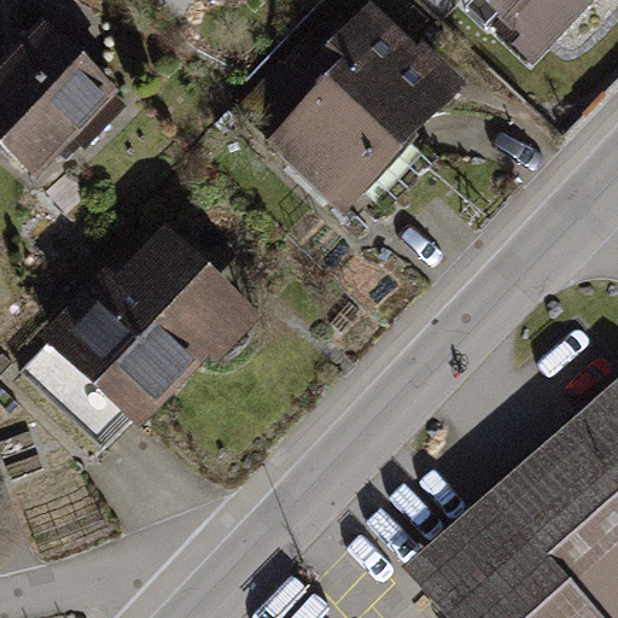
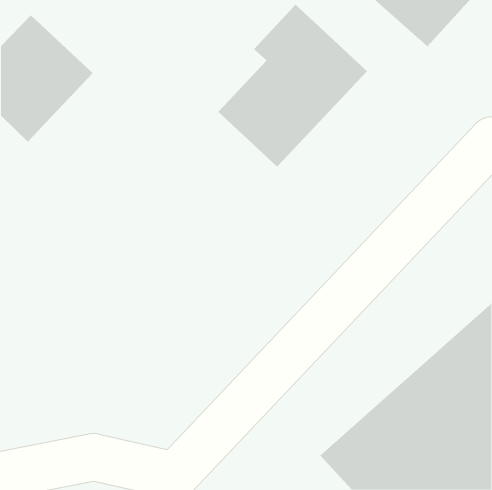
building: [47,222,256,430] -> none

